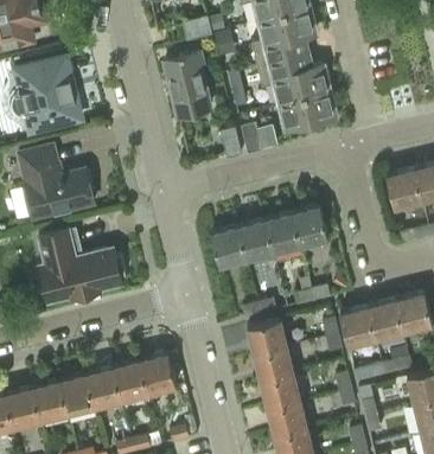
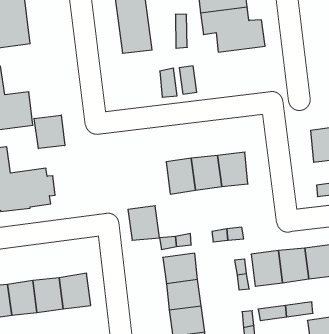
building: [280,94,336,133] -> none
building: none -> [34,115,65,149]
building: [210,228,247,267] -> [128,206,159,240]

